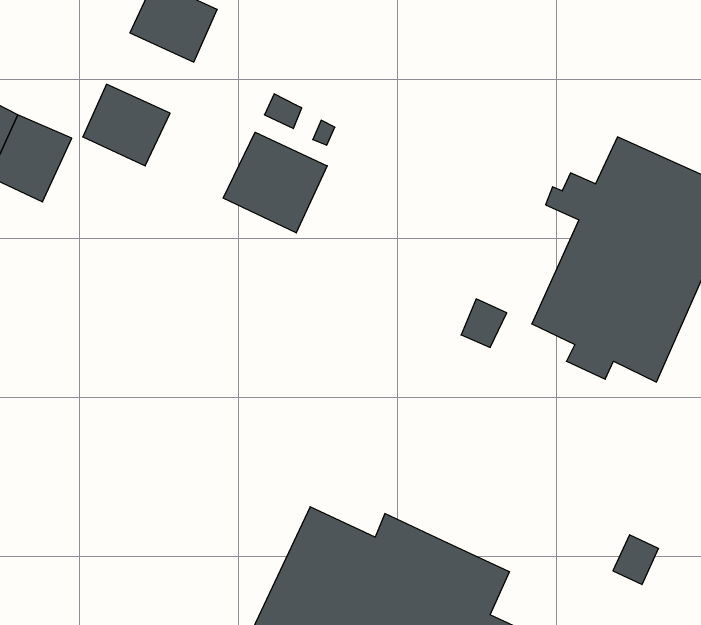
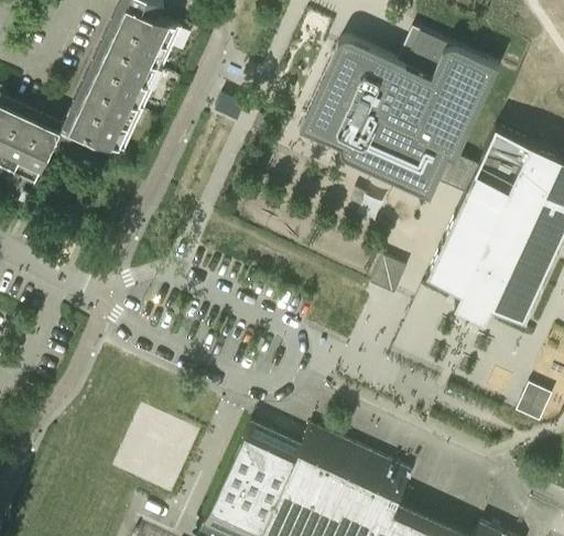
building: none -> [299,32,498,198]
building: none -> [88,46,158,110]
building: [223,132,327,233] -> none
building: [613,535,659,585] -> [514,385,551,425]

